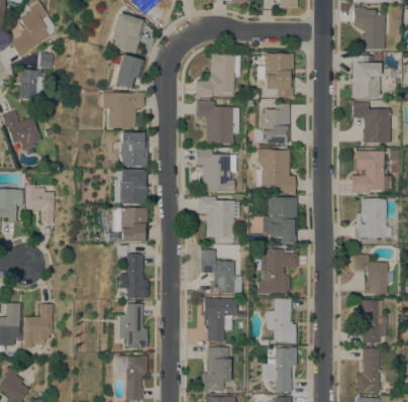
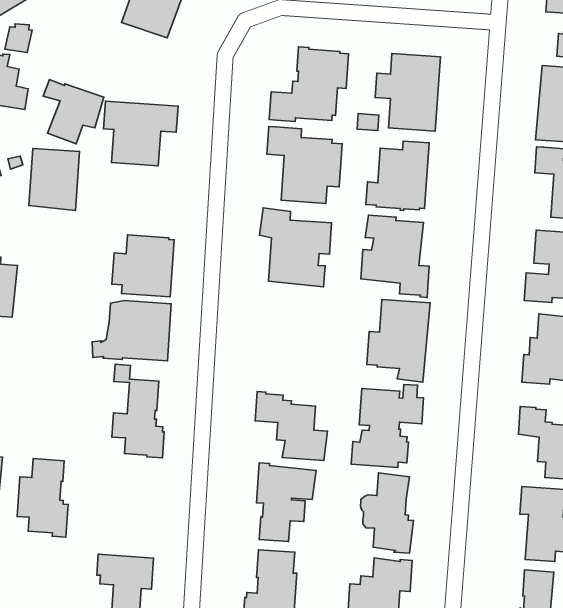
building: [107,53,142,89] -> [43,79,104,144]
building: [118,132,145,167] -> [29,148,80,210]
building: [197,196,239,242] -> none
building: [117,304,146,348] -> [17,459,68,537]

